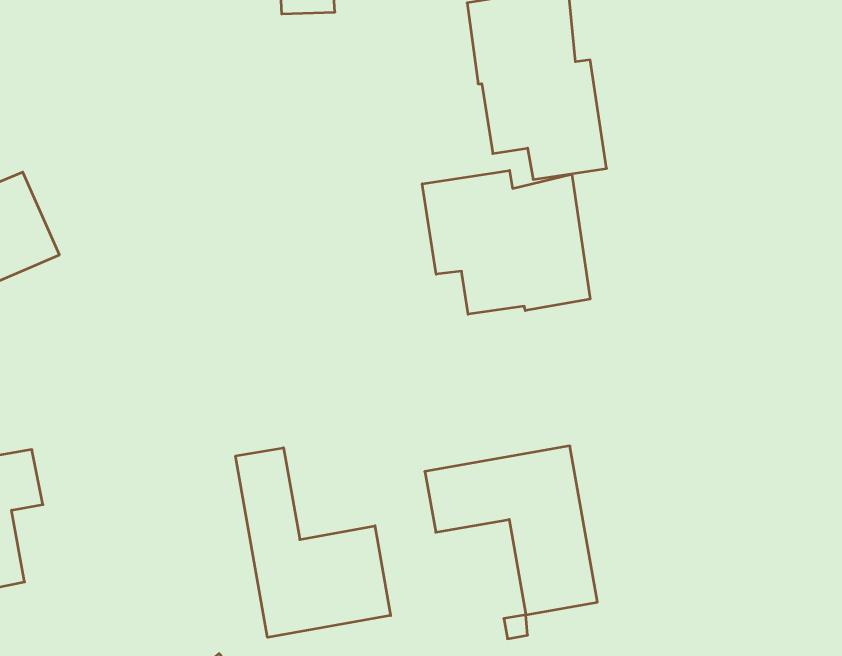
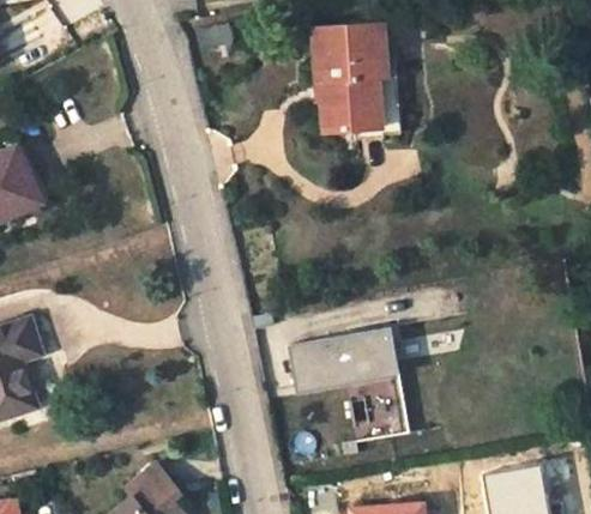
building: [422,170,590,314] -> none
building: [236,448,391,637] -> none

